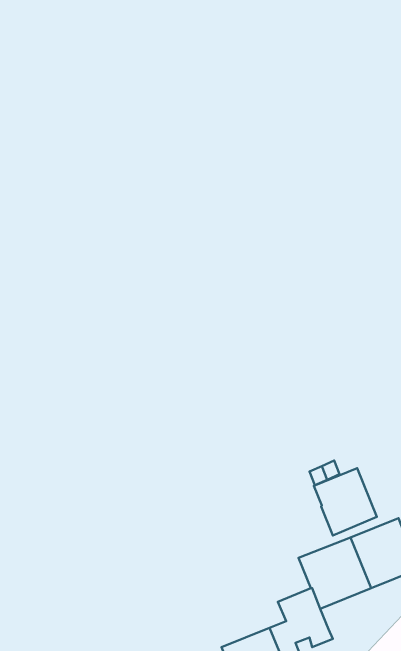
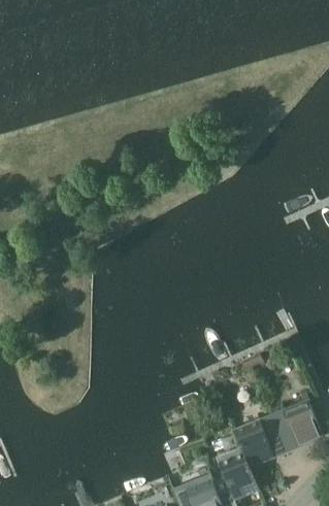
building: [314,468,377,535] -> none

